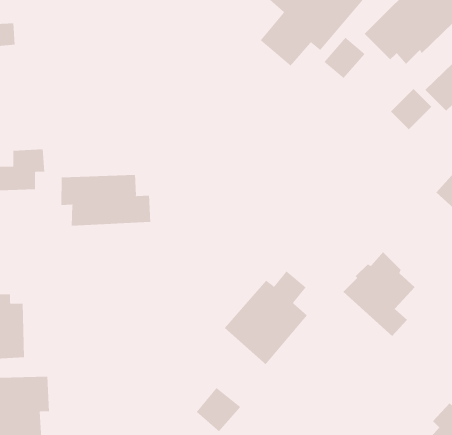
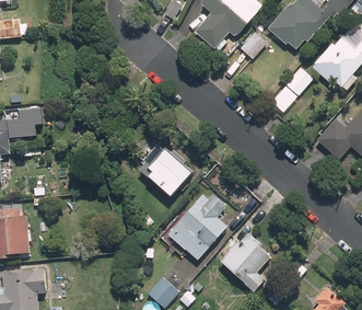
building: [61,174,151,227] -> none
building: none -> [139,138,196,195]
building: [342,251,416,337] -> [220,231,271,291]

